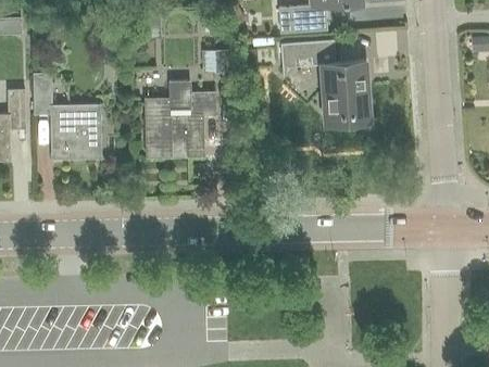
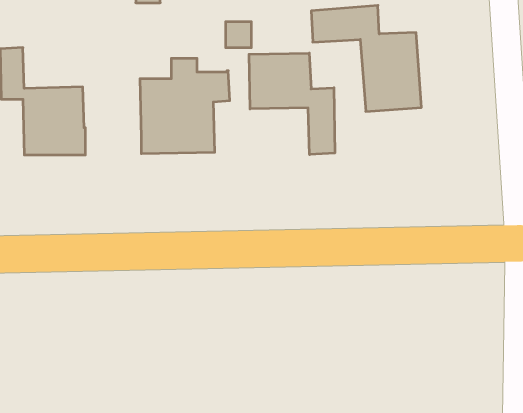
building: none -> [249,53,335,155]

